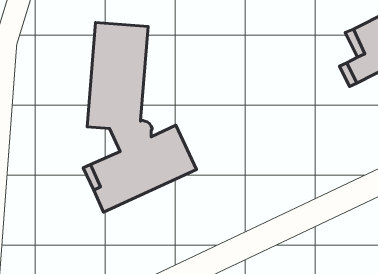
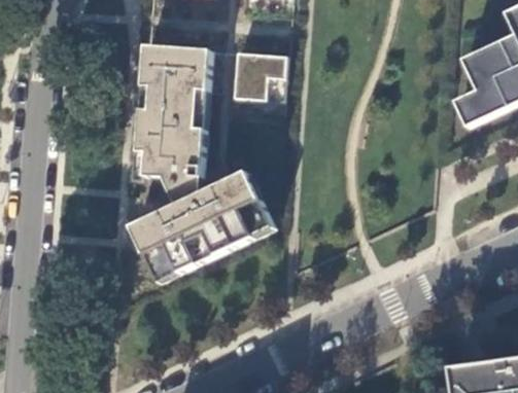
building: none -> [234,53,285,102]

